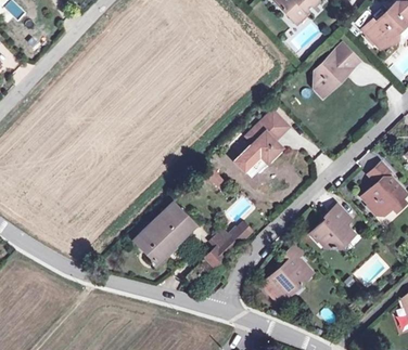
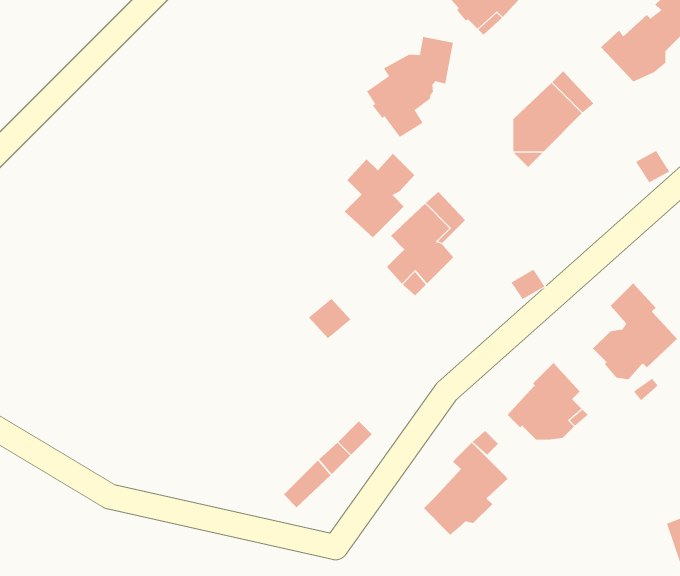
building: none -> [366,36,453,138]
building: none -> [344,153,415,238]
building: [132,202,193,261] -> none

